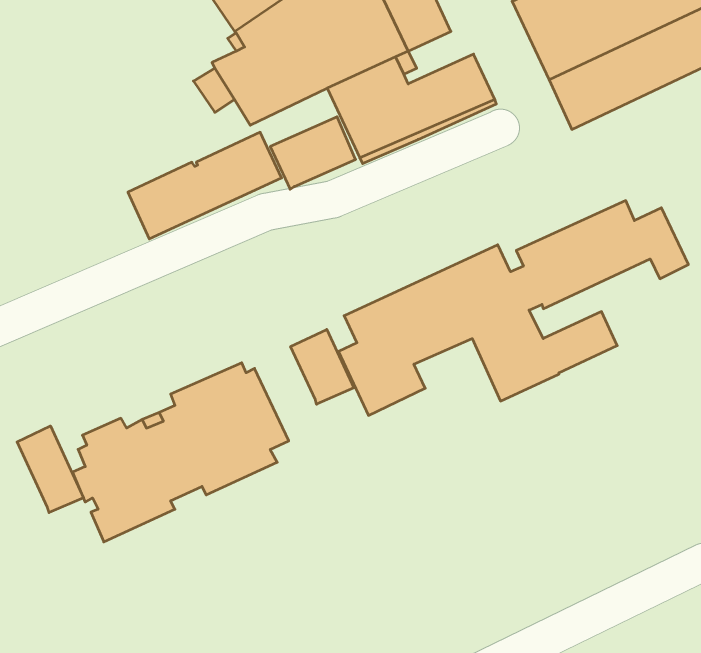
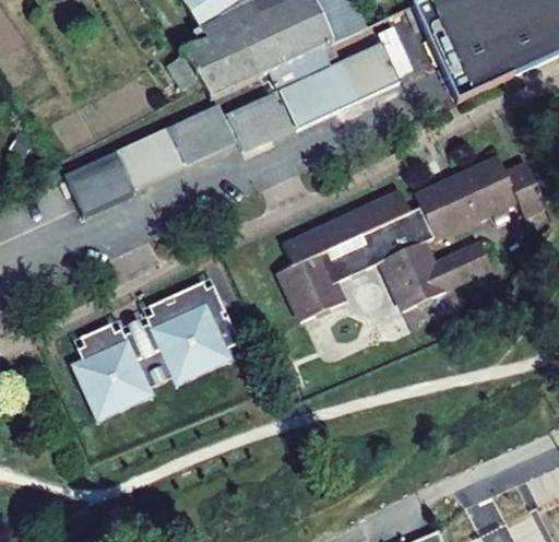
building: none -> [64,150,133,213]
building: [291,329,354,404] -> none
building: [17,426,83,513] -> none

